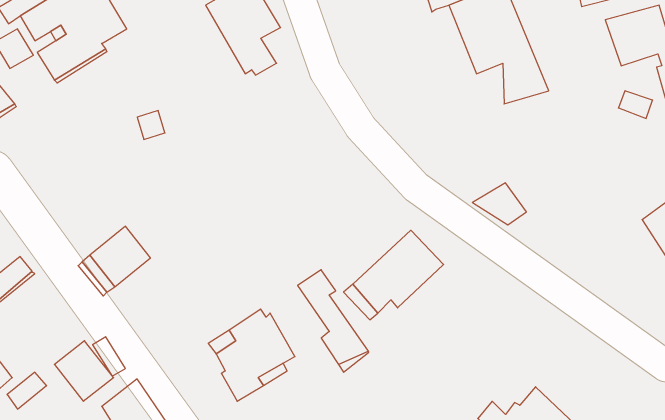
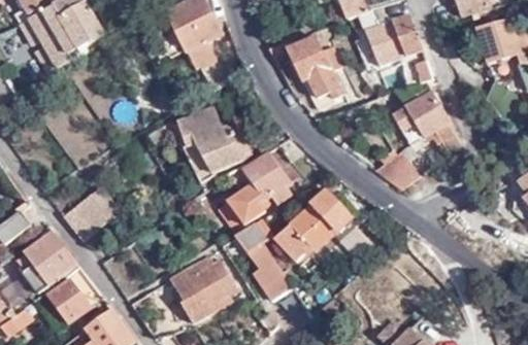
building: none -> [286,40,339,100]
building: none -> [403,92,457,151]
building: none -> [178,105,251,183]
building: none -> [219,145,299,228]
building: none -> [21,228,76,292]

